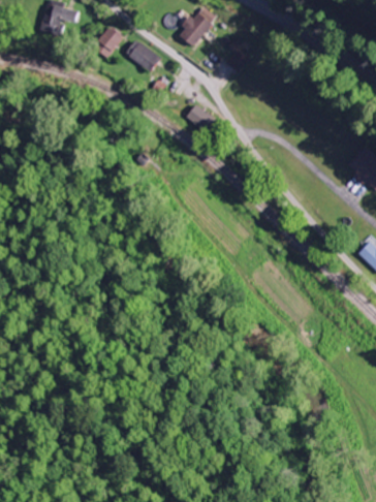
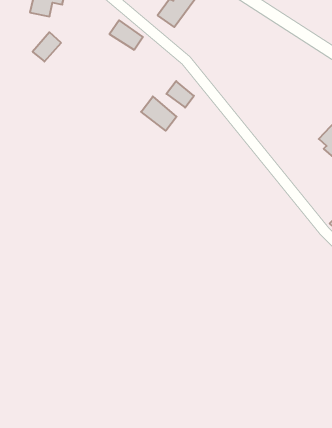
building: [95,25,125,56] -> [33,32,61,62]
building: none -> [141,96,177,131]

